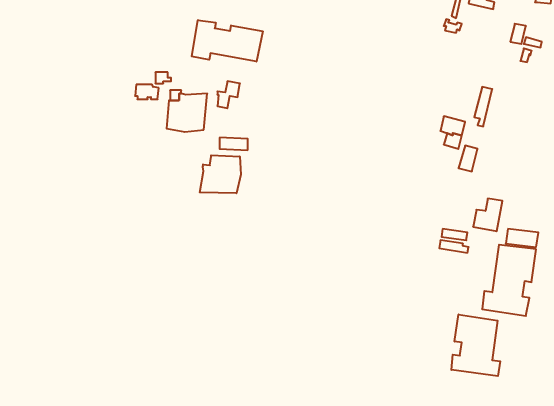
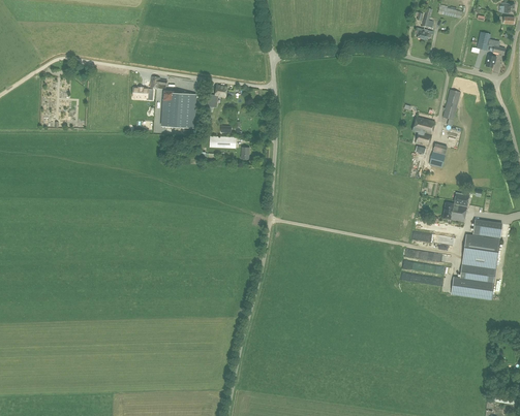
building: [192,20,263,62] -> none
building: [200,155,241,193] -> none
building: [451,314,500,376] -> none

